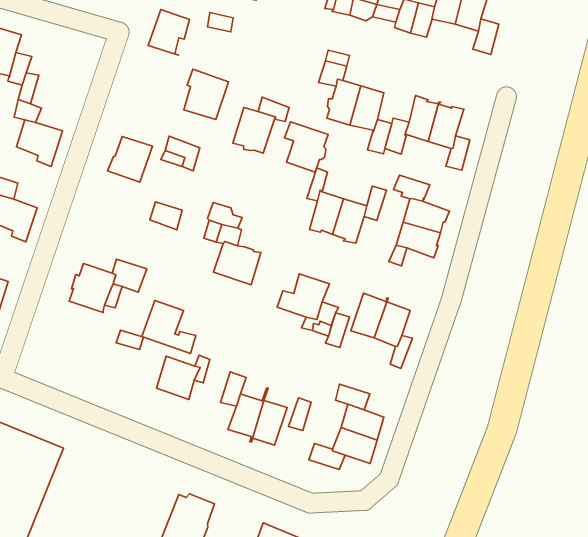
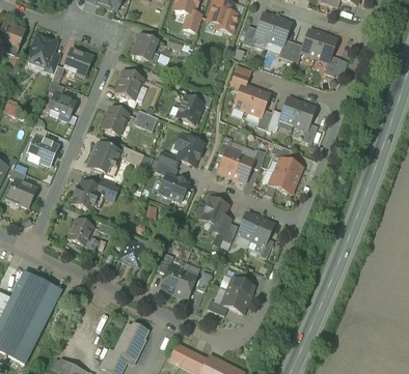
building: none -> [64,48,93,76]
building: [184,69,229,119] -> [115,68,143,99]
building: [285,122,328,172] -> [176,134,202,165]
building: none -> [87,141,121,177]
building: [142,301,196,353] -> [67,218,100,251]

